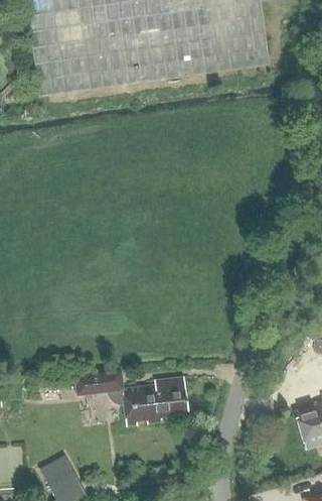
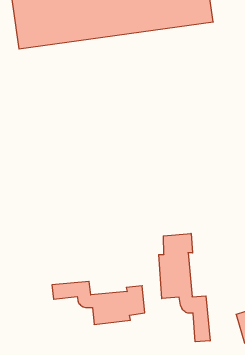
building: none -> [159,233,210,342]

